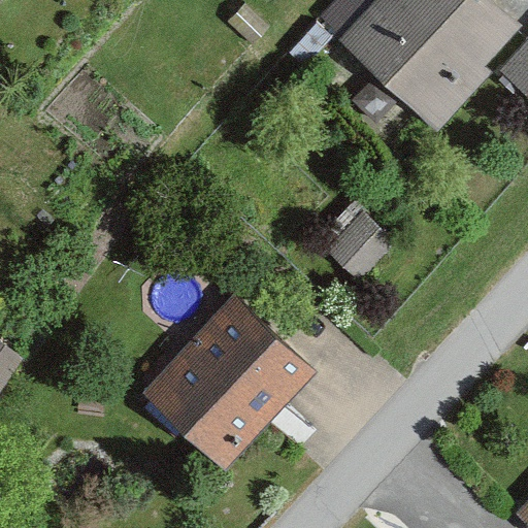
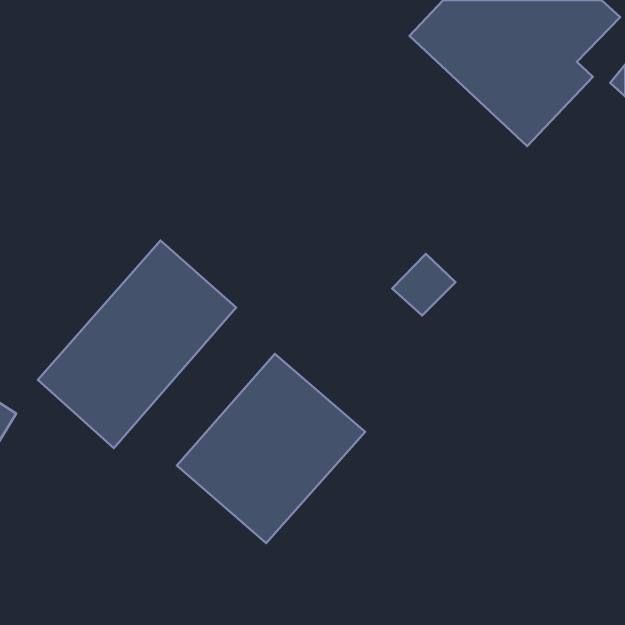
building: none -> [38,241,236,448]

